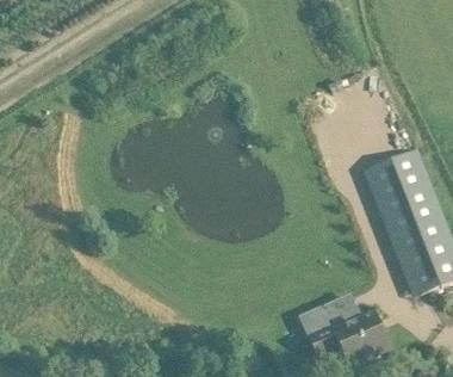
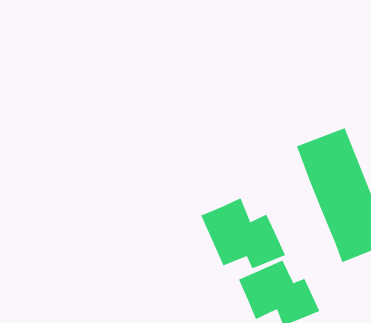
building: none -> [201,197,286,269]

